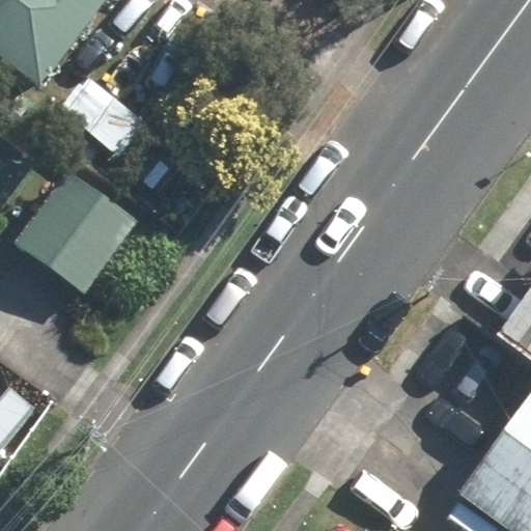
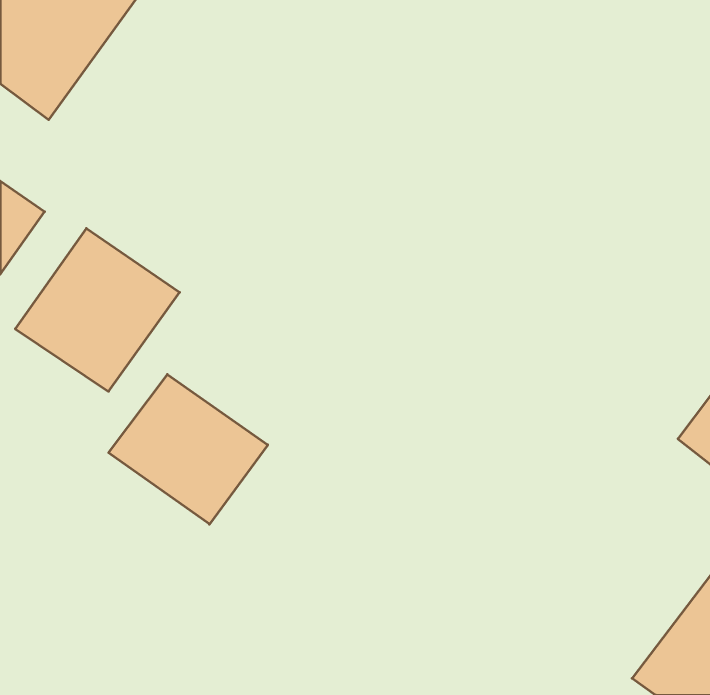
building: none -> [109,374,268,524]

